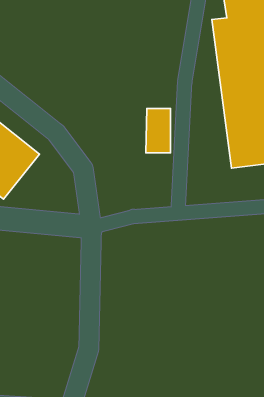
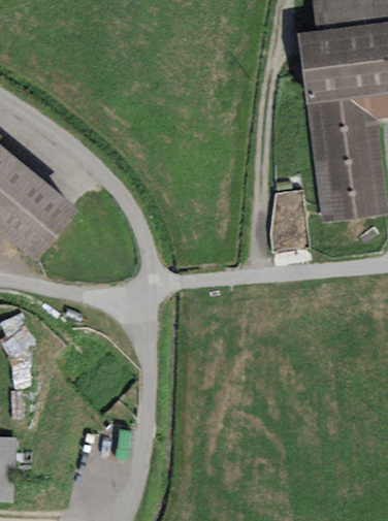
building: [146,109,171,153] -> [277,193,308,249]

